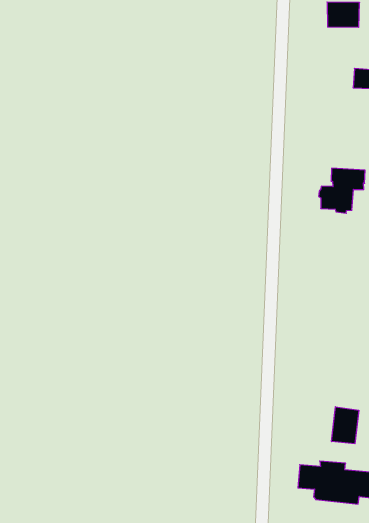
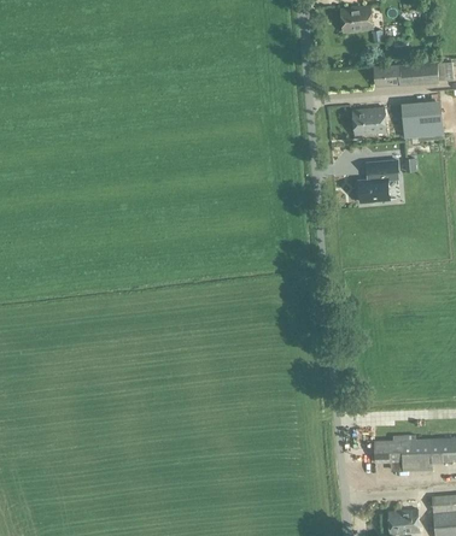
building: none -> [351,107,385,135]
building: [332,407,359,444] -> none

